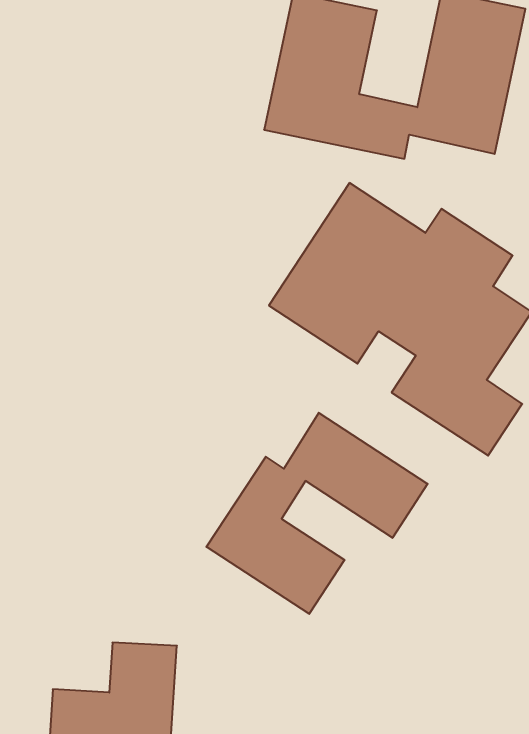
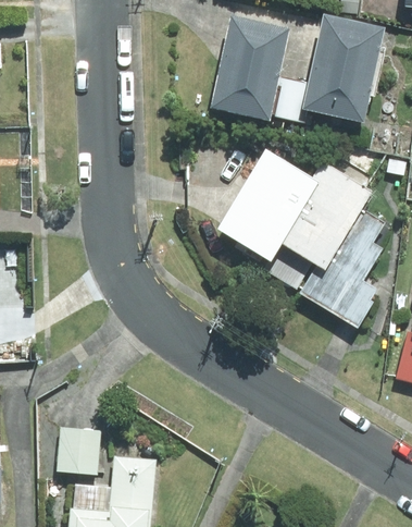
building: [206,413,428,614] -> none
building: none -> [54,425,99,475]

